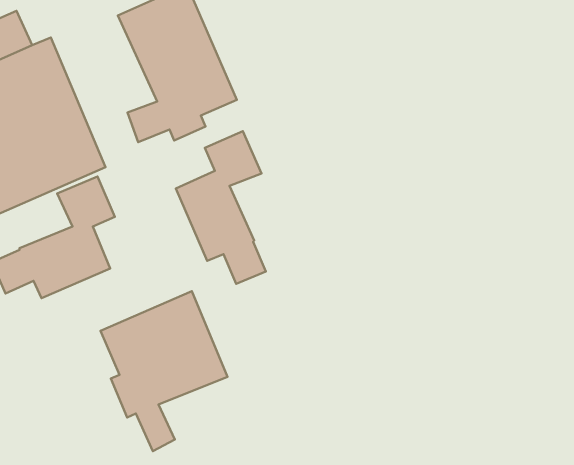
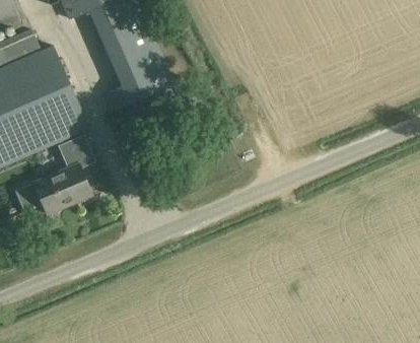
building: [176,131,266,284] -> none
building: [101,291,228,451] -> none

